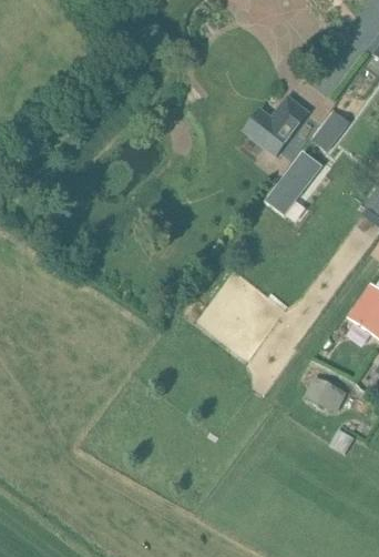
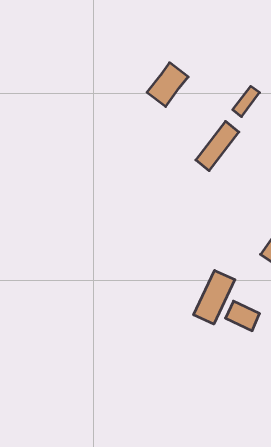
building: [254,101,305,155] -> [147,63,188,107]
building: none -> [194,270,235,324]

